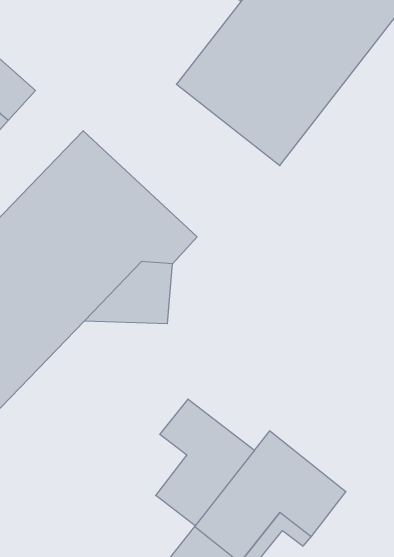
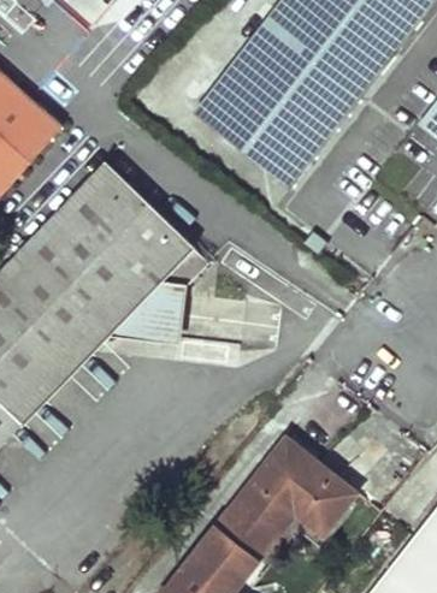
building: [156,399,254,526] -> none

